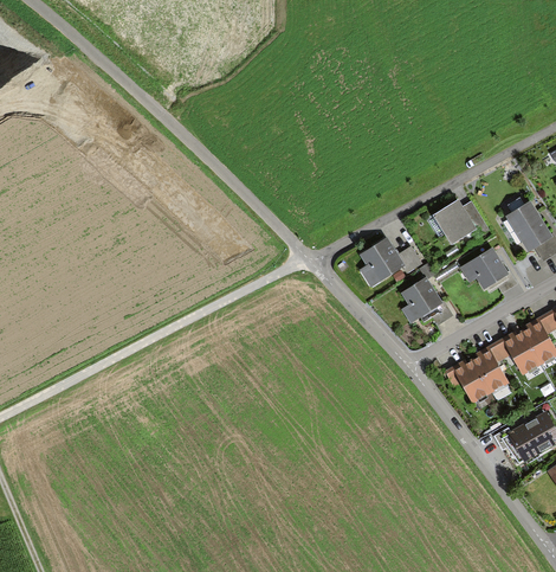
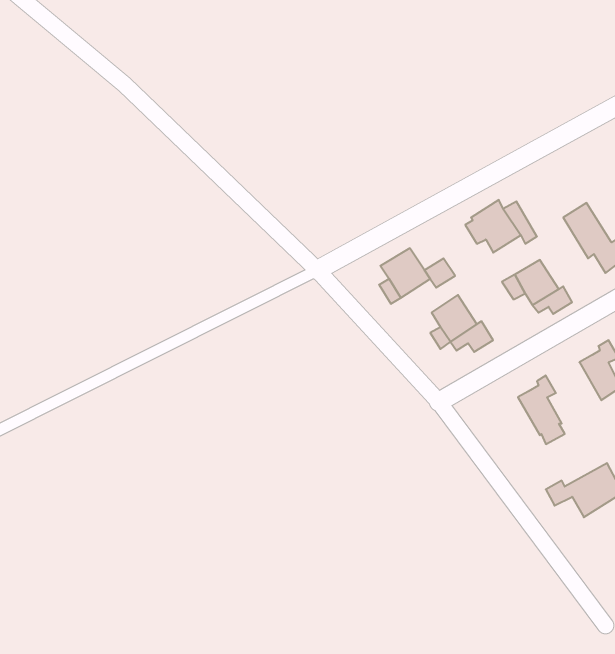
building: [494,332,539,373] -> none
building: [445,360,490,401] -> none

